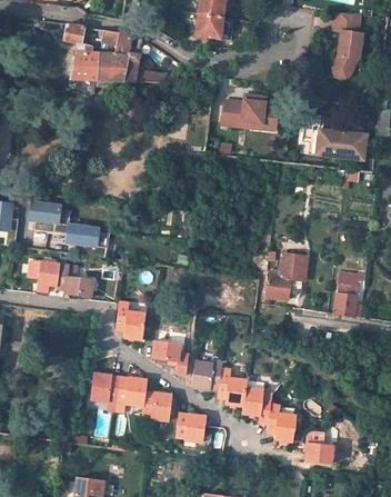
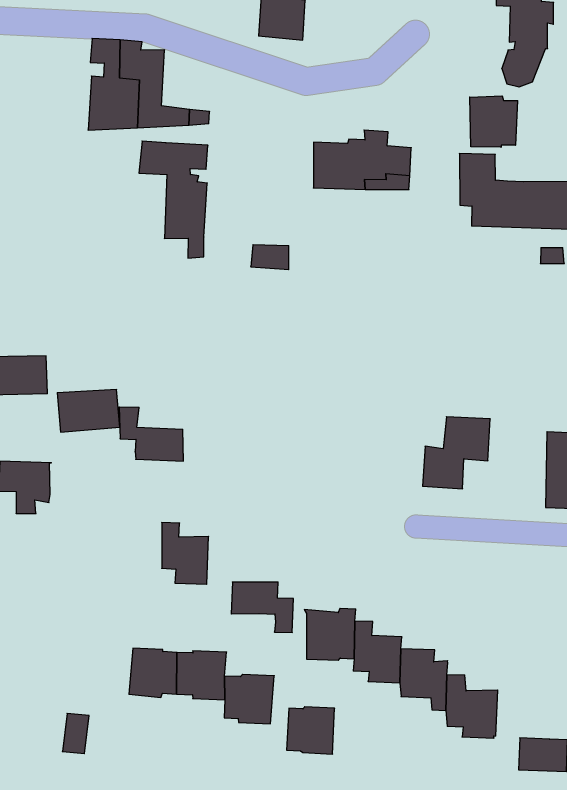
building: [63,23,103,91] -> [139,141,208,258]
building: none -> [470,96,518,147]
building: [58,265,93,298] -> [119,407,183,461]

